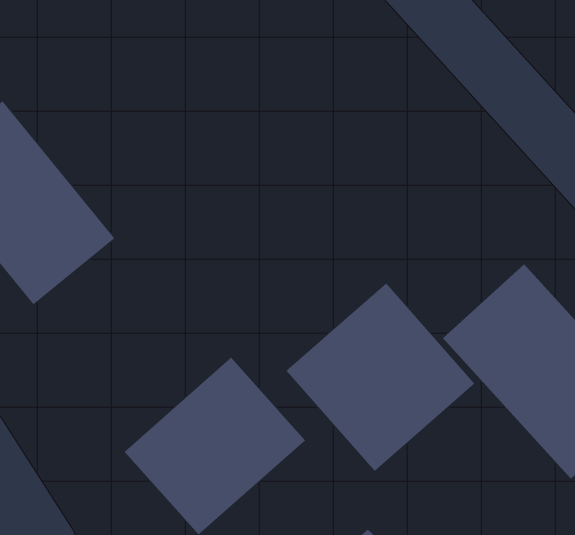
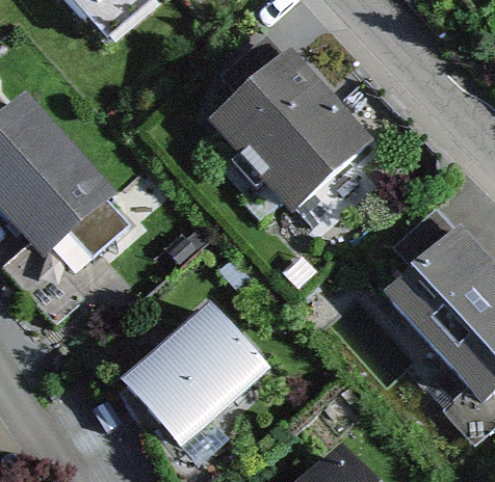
building: none -> [212,44,381,212]
building: [285,283,475,472] -> none

